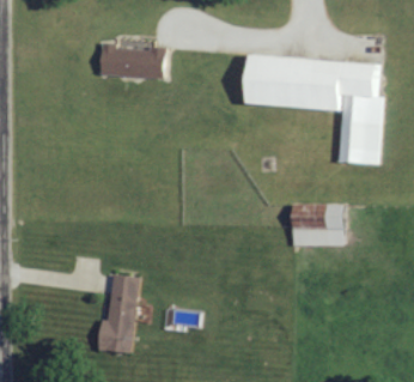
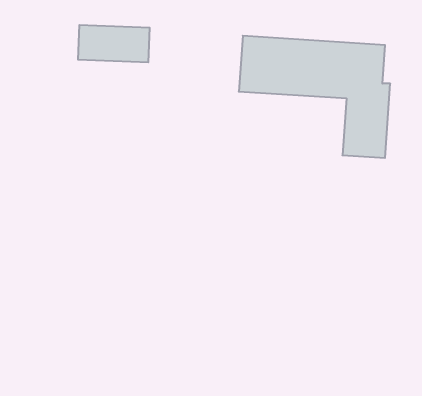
building: [292,205,342,245] -> none
building: [101,273,139,356] -> none

